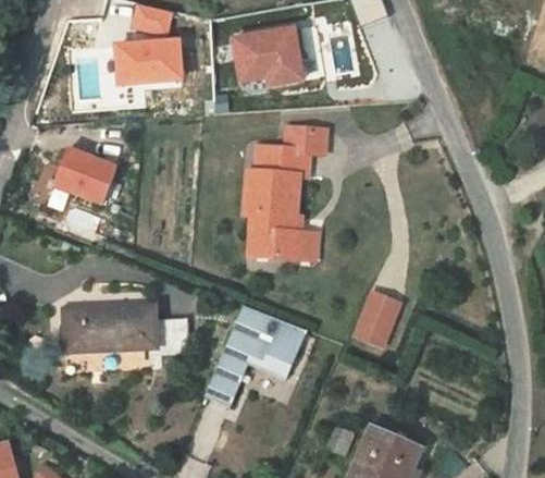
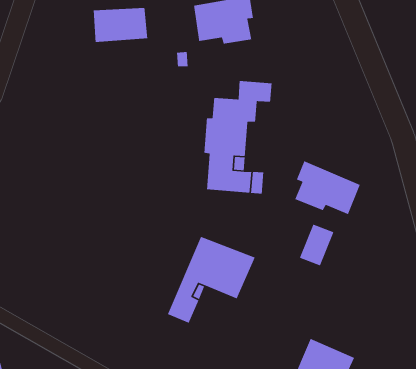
building: [53,147,116,201] -> none
building: none -> [294,160,361,215]
building: [64,304,190,353] -> none

